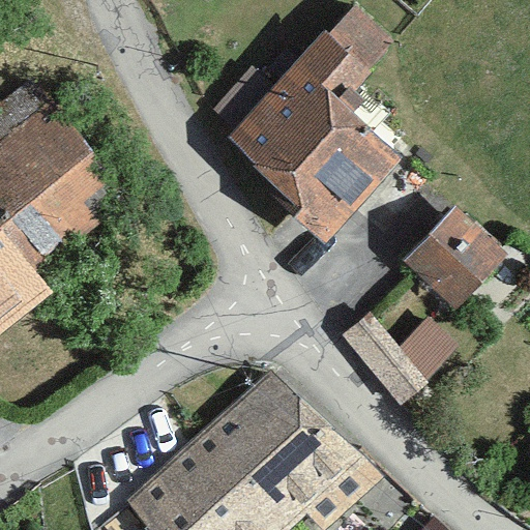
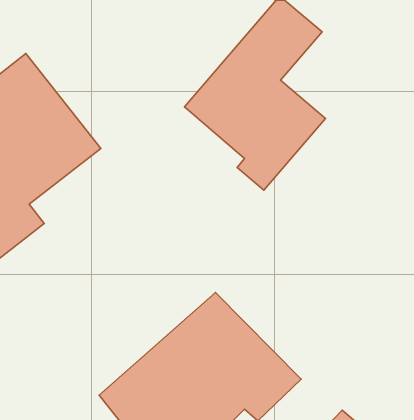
building: [402,208,505,311] -> none
building: [336,314,463,407] -> none

